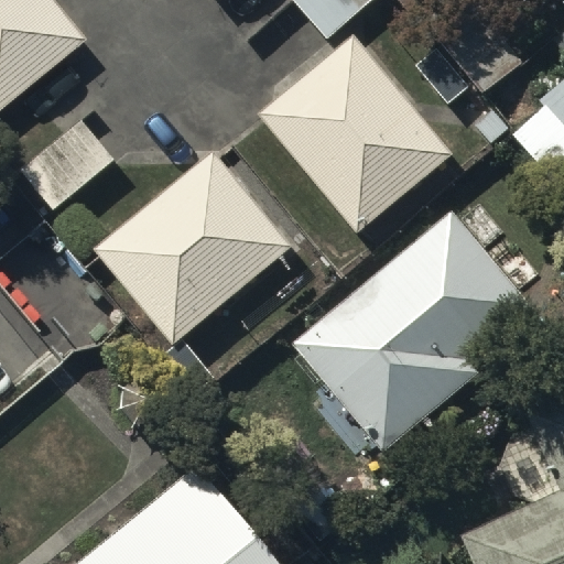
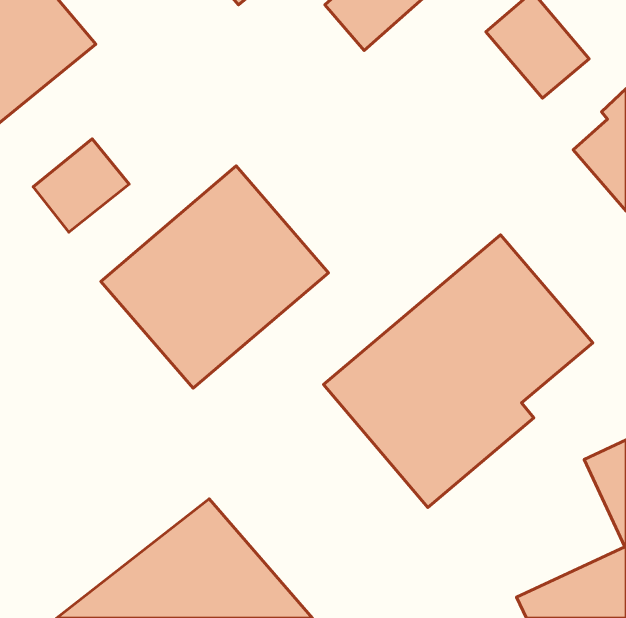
building: [254,35,454,237] -> none

